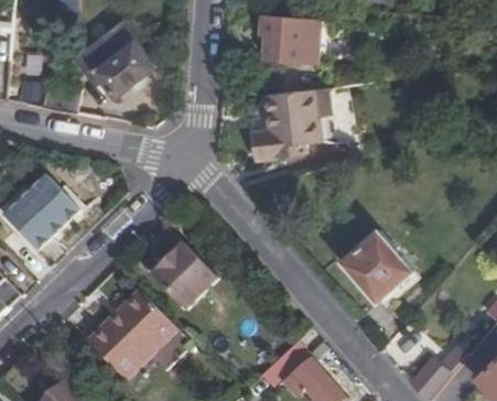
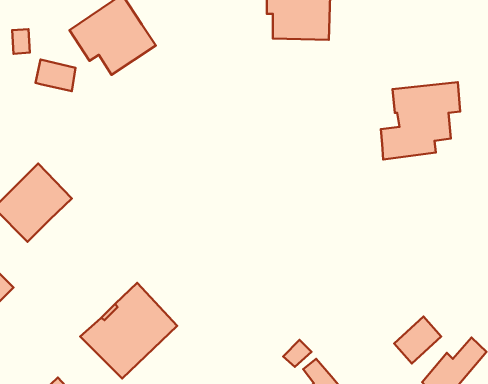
building: [251,88,326,161] -> [381,82,460,159]
building: [341,232,412,304] -> none
building: [159,239,222,306] -> none

